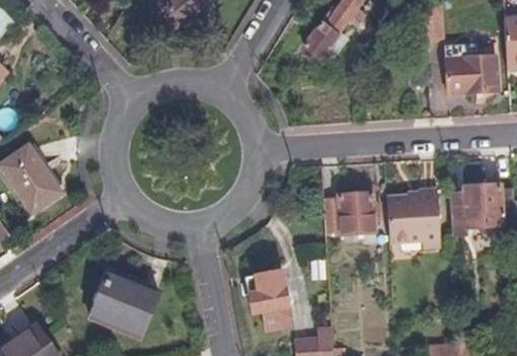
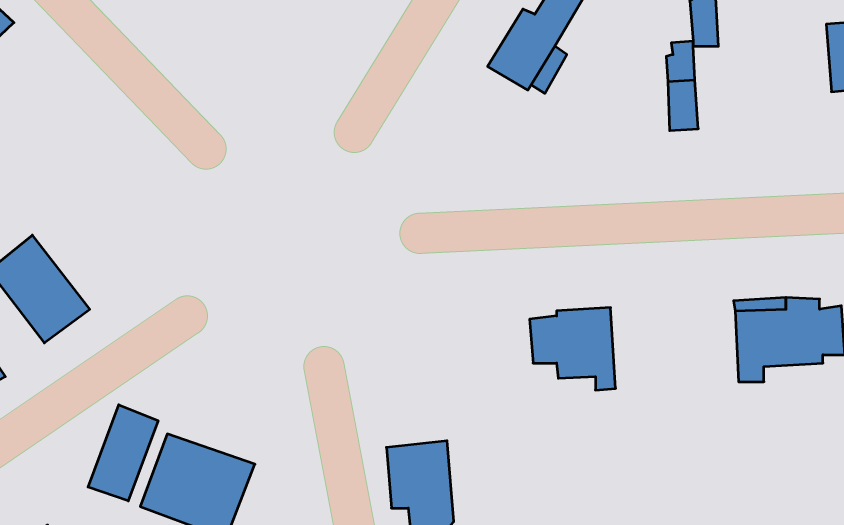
building: [445,44,499,92] -> none
building: [386,189,440,247] -> none
building: none -> [88,405,158,501]

